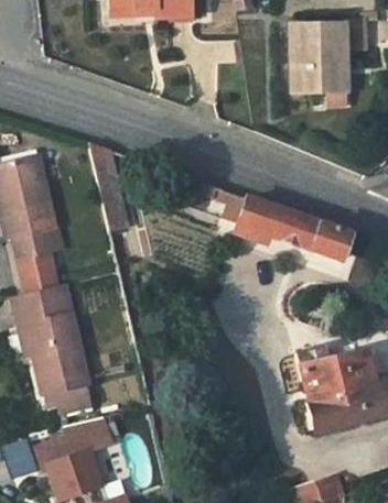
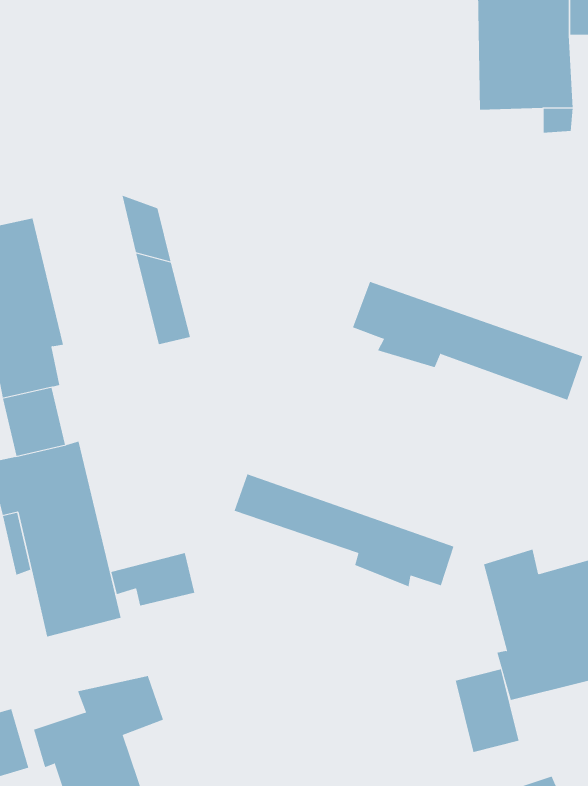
building: none -> [234,473,454,587]
building: [46,384,95,415] -> [110,552,195,606]
building: none -> [455,669,519,753]

